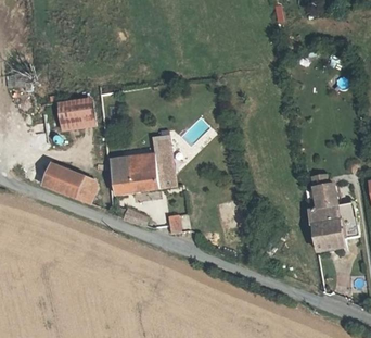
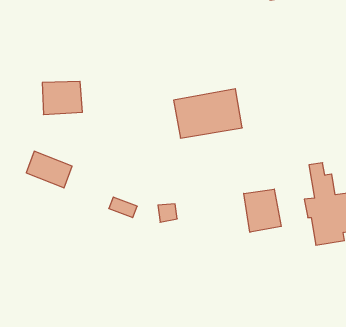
building: [111,149,176,196] -> [174,89,242,138]
building: none -> [244,189,281,232]

